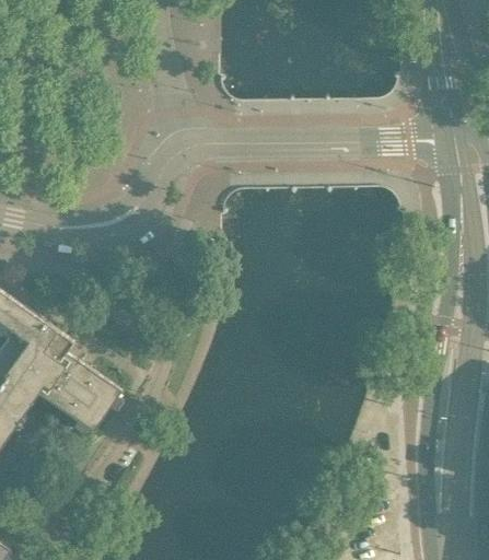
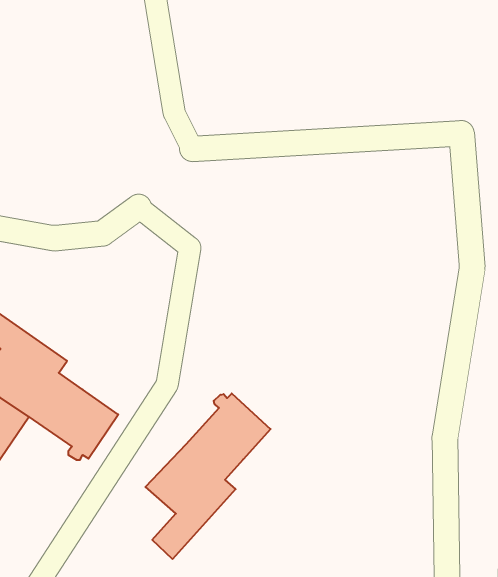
building: none -> [145,393,271,559]

